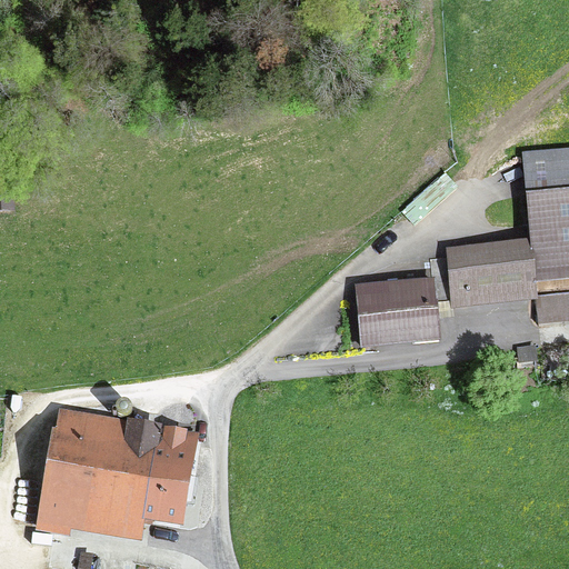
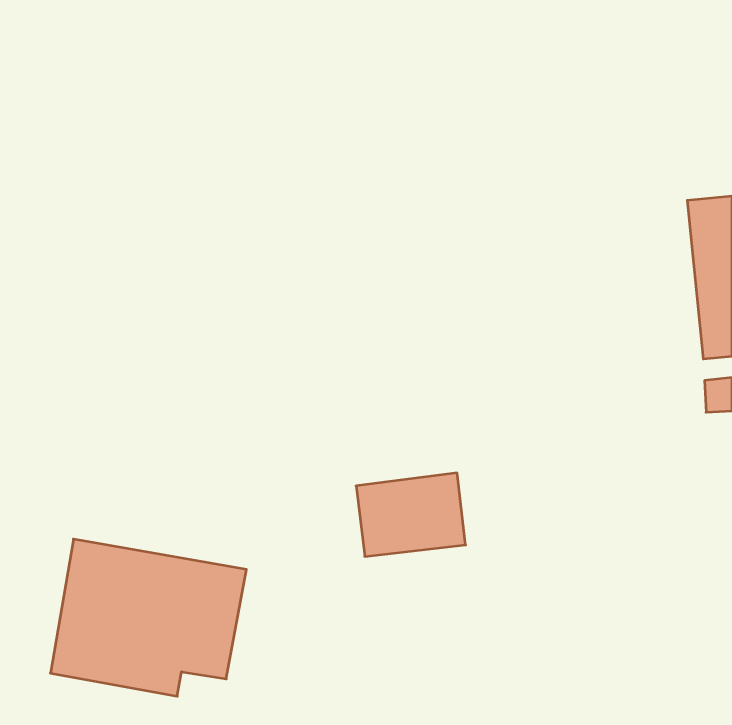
building: [450,241,536,300] -> none
building: [357,278,441,342] -> [356,473,466,556]

